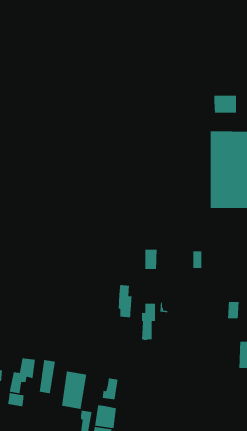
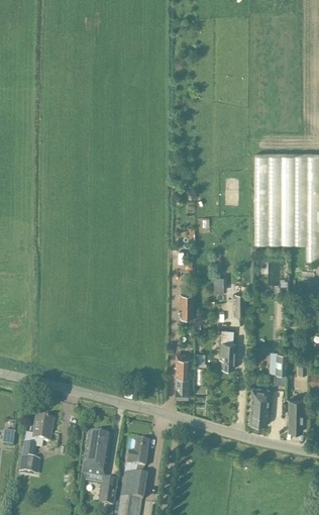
building: [213,95,237,114] -> none
building: [118,284,133,318] -> [219,328,236,368]
building: none -> [248,387,270,423]
building: [39,359,56,394] -> none

